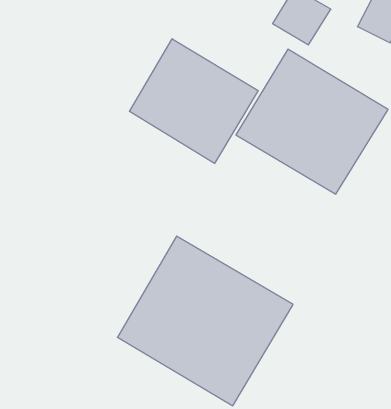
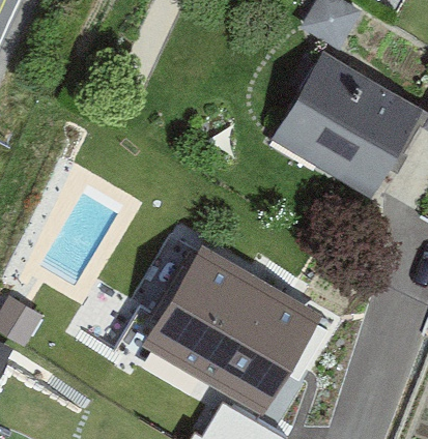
building: [129,39,258,163] -> none

